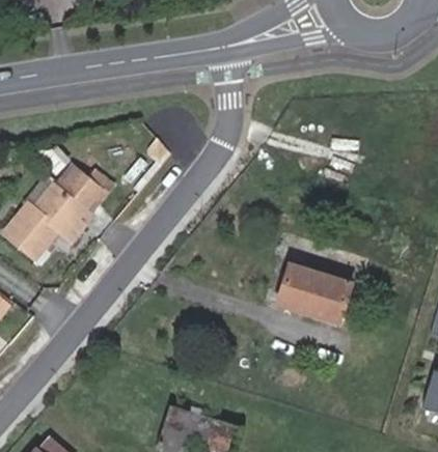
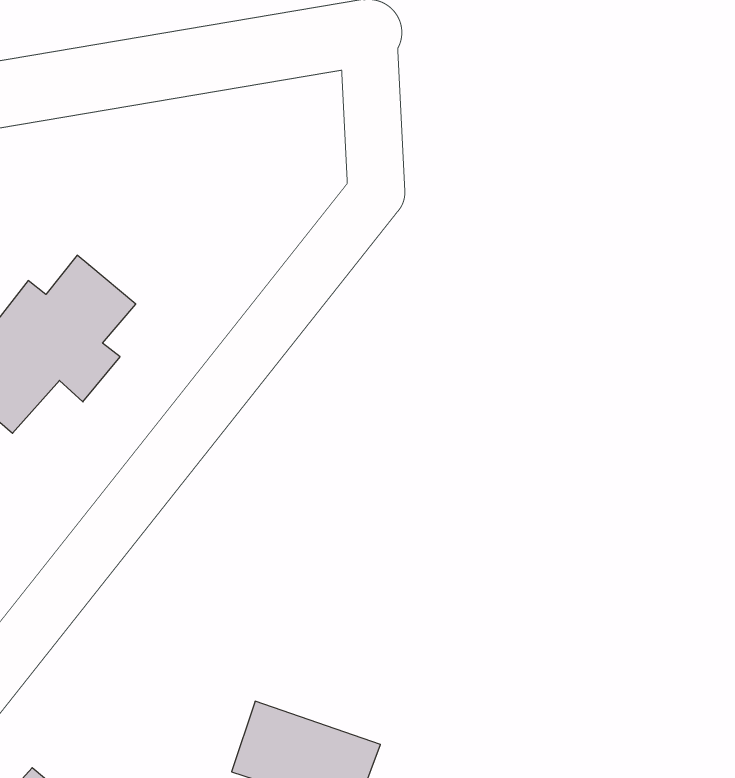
building: [283,265,354,322] -> none

